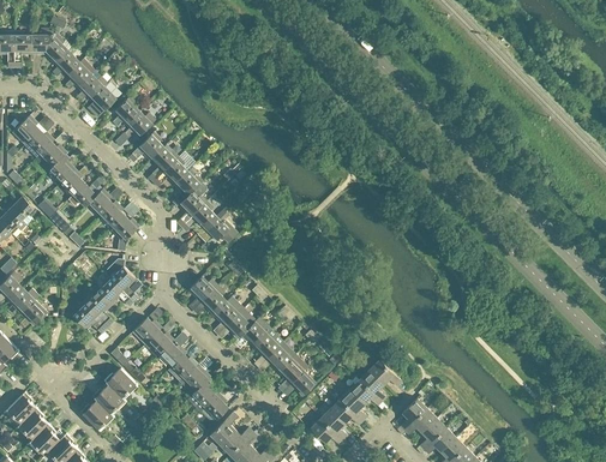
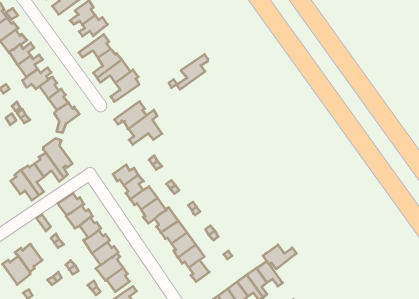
building: [175,181,206,226] -> [176,54,208,89]
building: none -> [263,245,296,269]
building: [103,367,137,398] -> none

